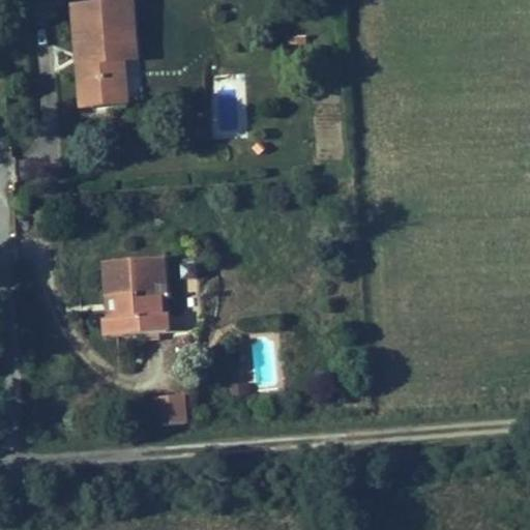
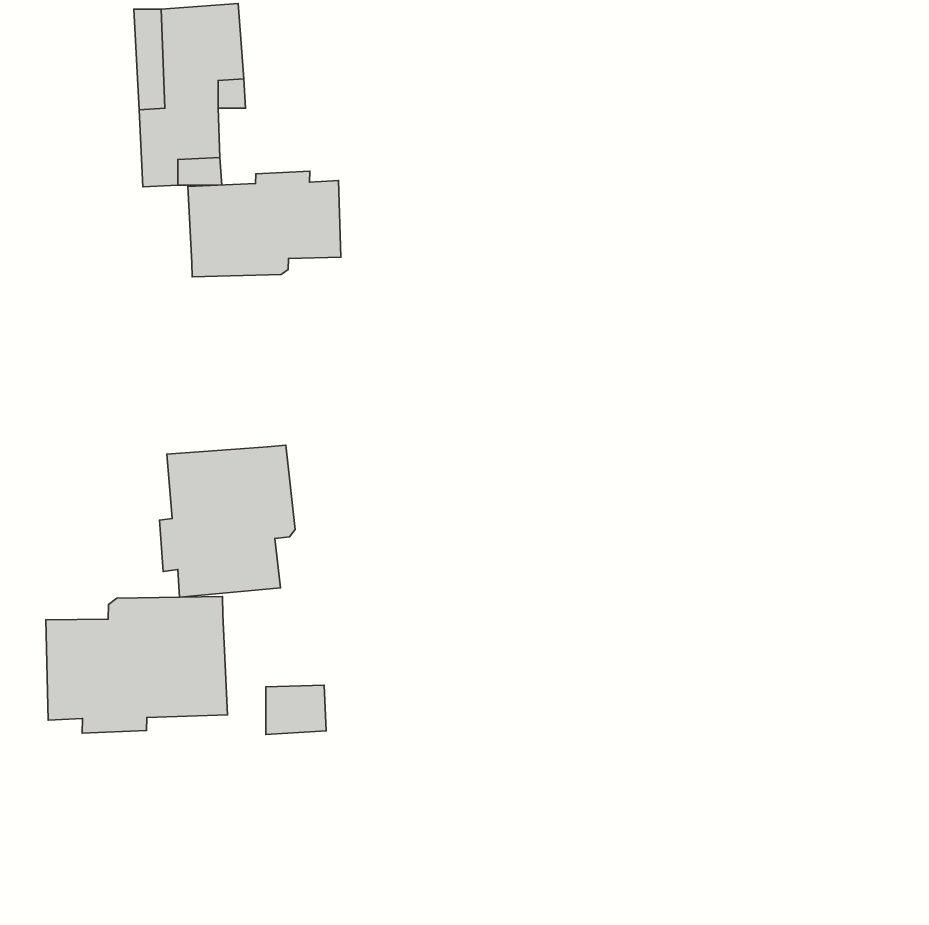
building: none -> [188,171,341,277]
building: none -> [46,596,227,733]

